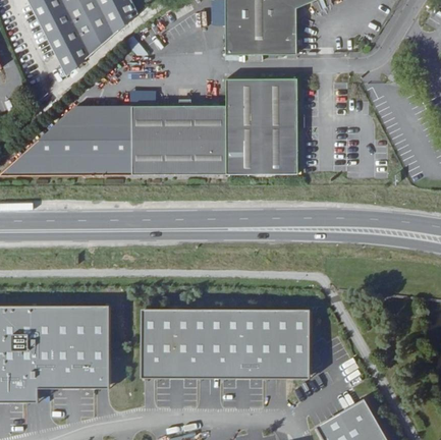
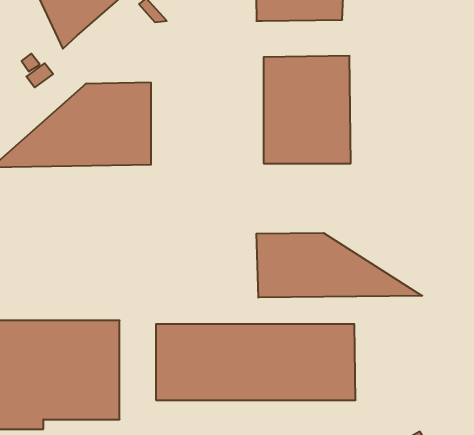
building: [135,106,230,175] -> none
building: none -> [256,233,422,298]

